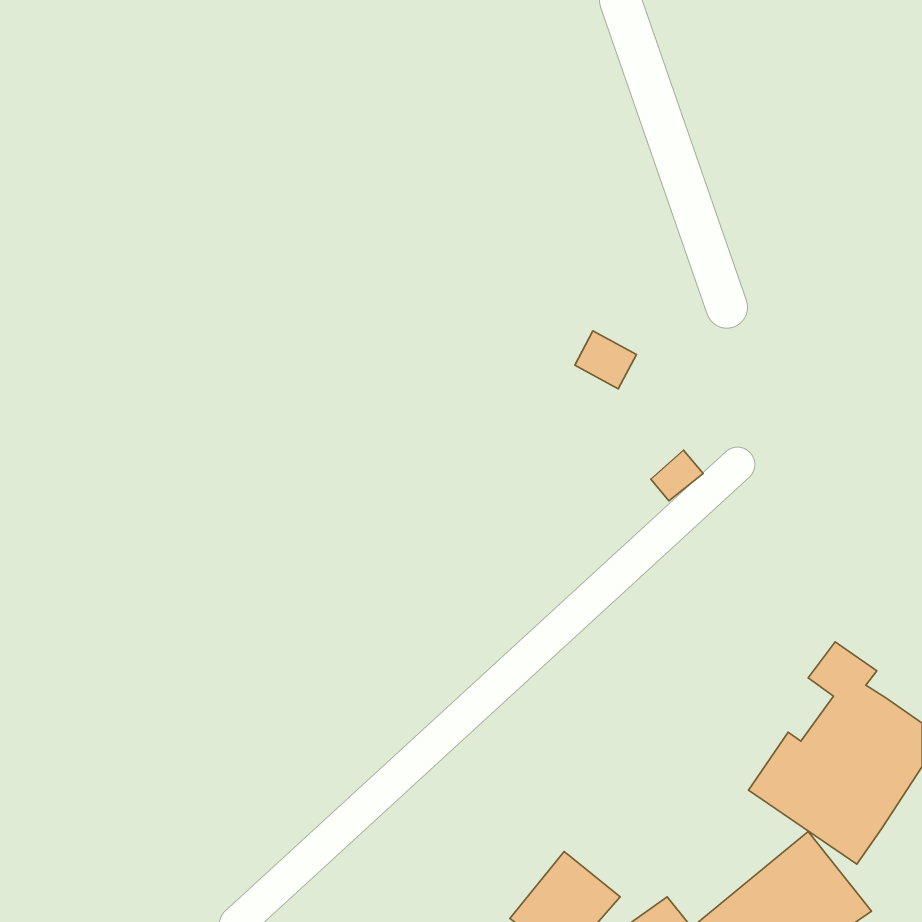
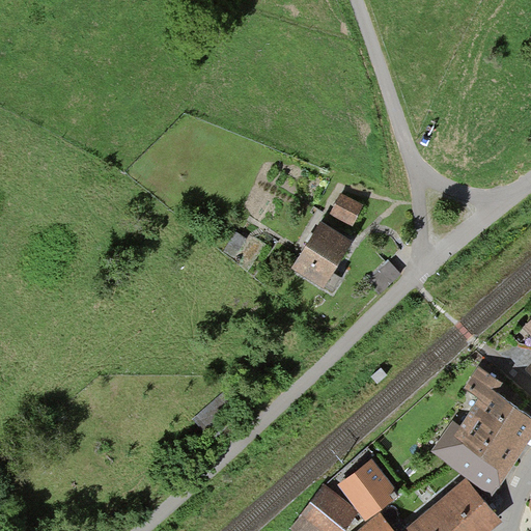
building: none -> [294,220,352,284]
building: none -> [341,464,396,520]

